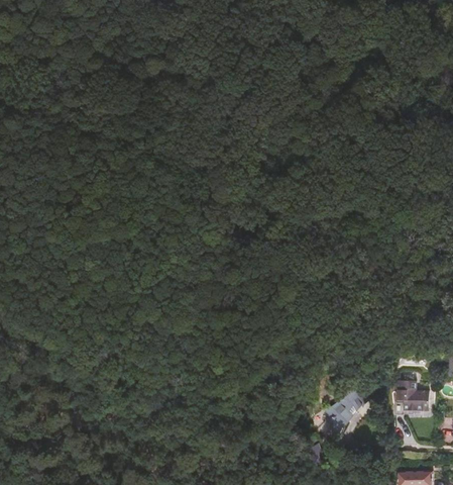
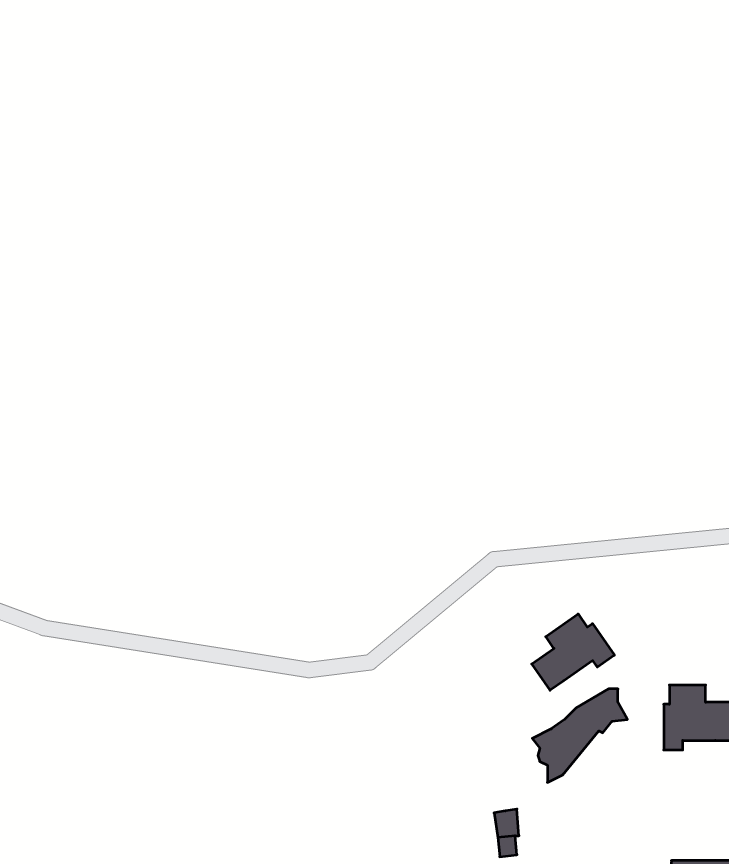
building: none -> [532,614,614,690]

